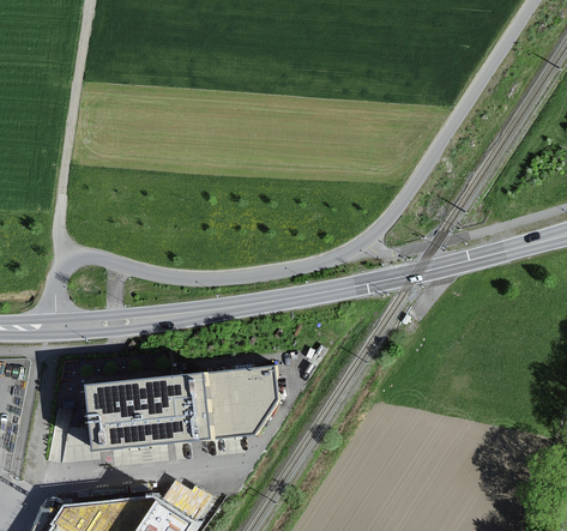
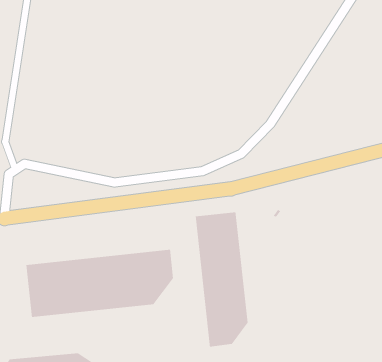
building: none -> [195,211,248,347]

